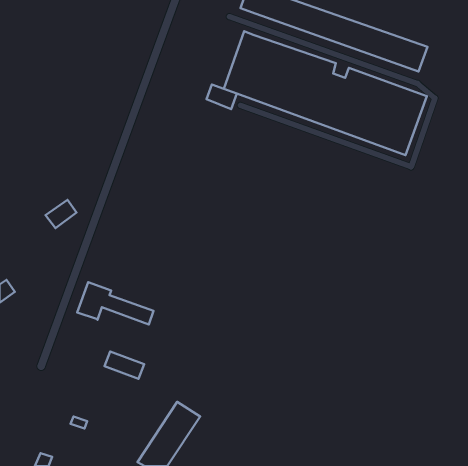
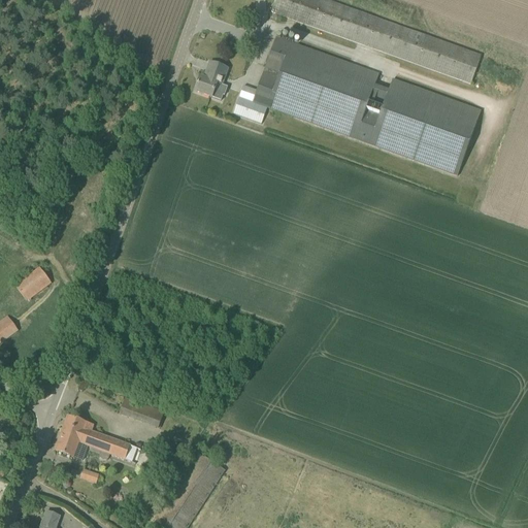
building: none -> [194,60,227,95]
building: [45,200,77,228] -> [14,266,50,298]
building: [77,282,153,324] -> [55,415,140,462]

